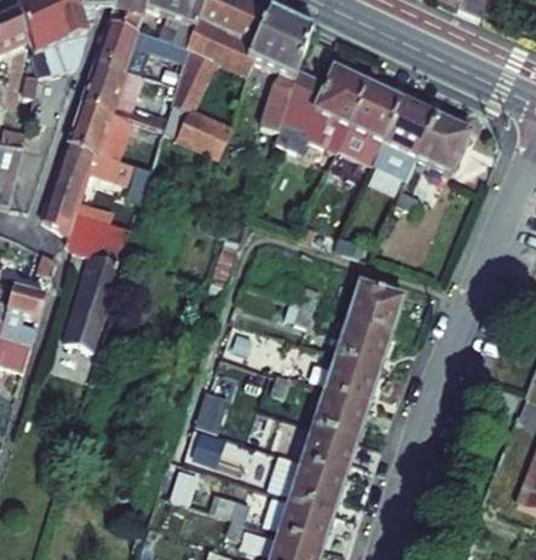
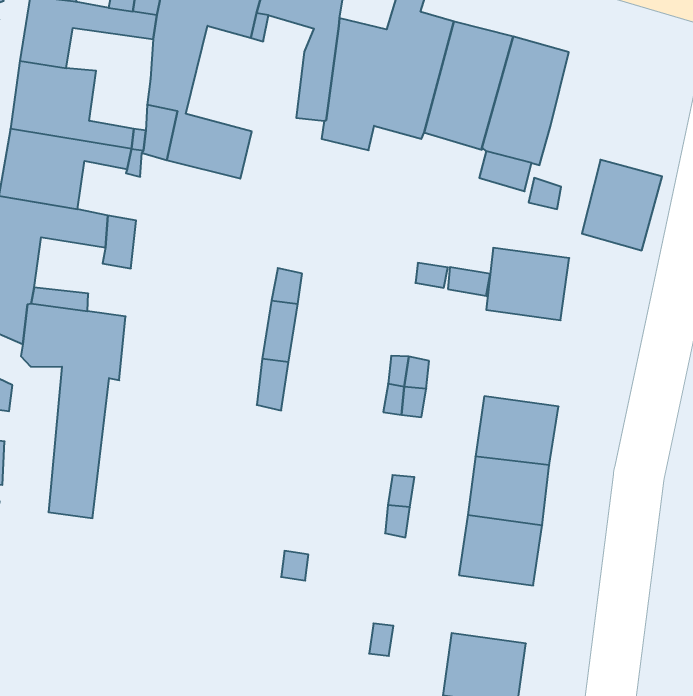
building: [416,115,472,175] -> [582,160,662,250]
building: [346,281,403,333] -> [486,248,569,320]
building: [300,426,356,475] -> none

